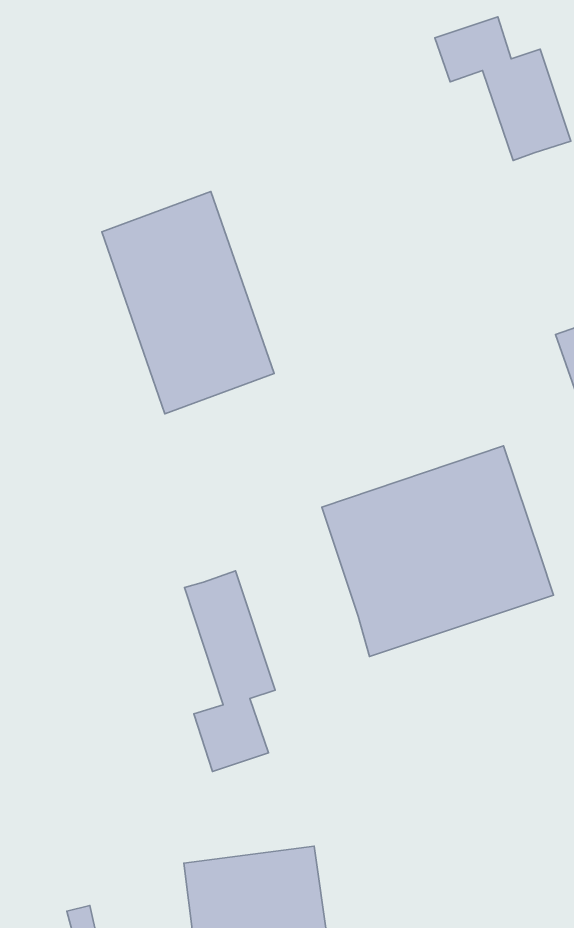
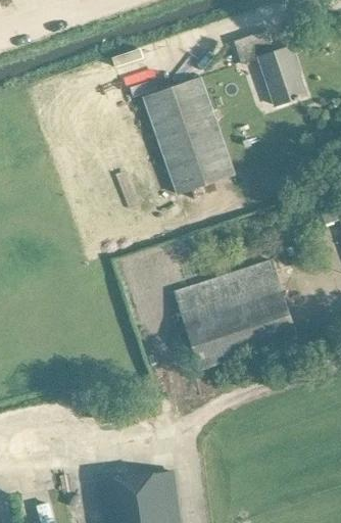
building: [102,192,274,414] -> [144,78,236,196]
building: [185,571,275,771] -> none

